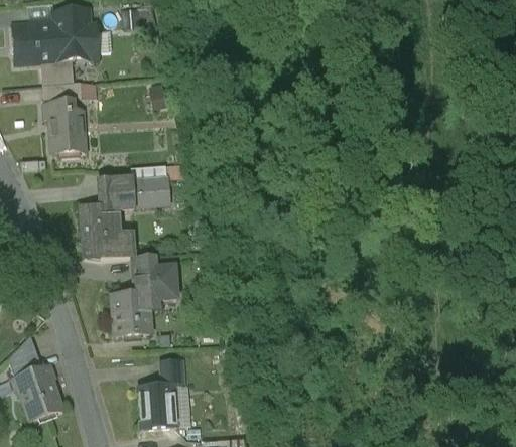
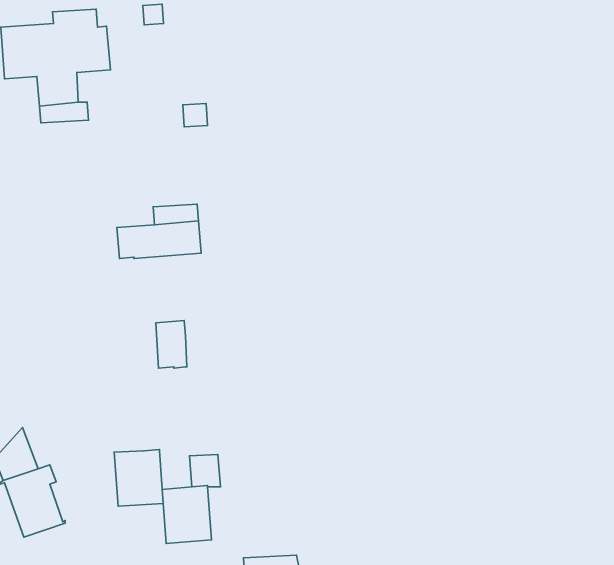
building: [44,102,86,153] -> none
building: [82,203,131,258] -> none
building: [157,264,178,297] -> none
building: [113,289,151,333] -> [114,449,163,506]

